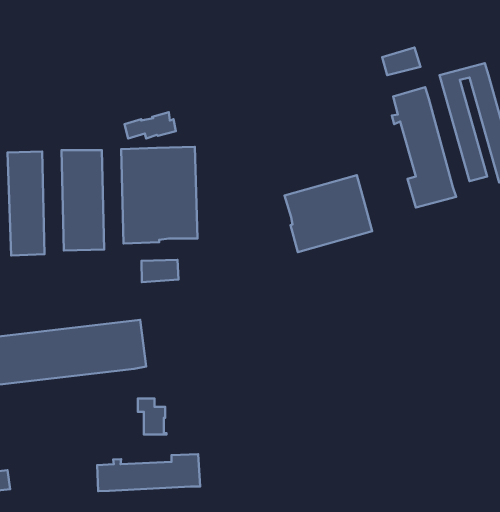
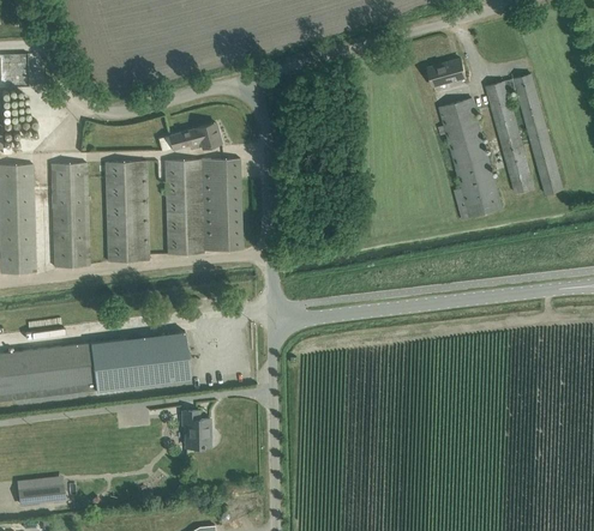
building: [285,175,372,252] -> none
building: [142,260,179,282] -> none
building: [97,454,200,491] -> none

